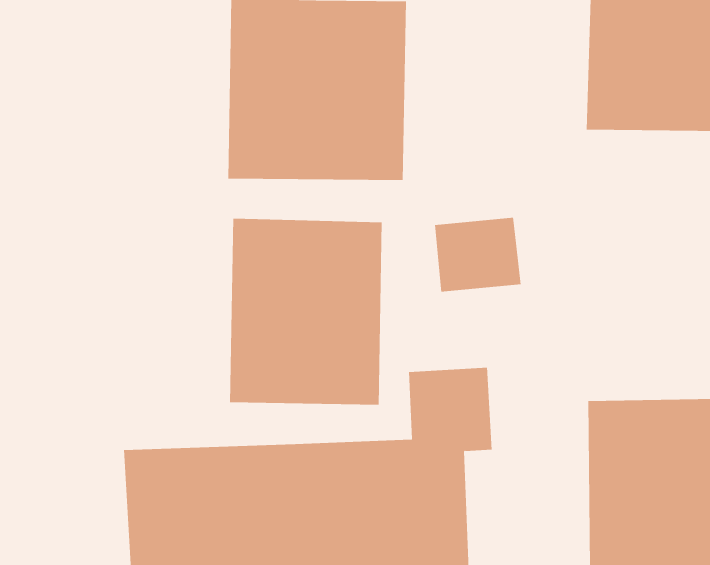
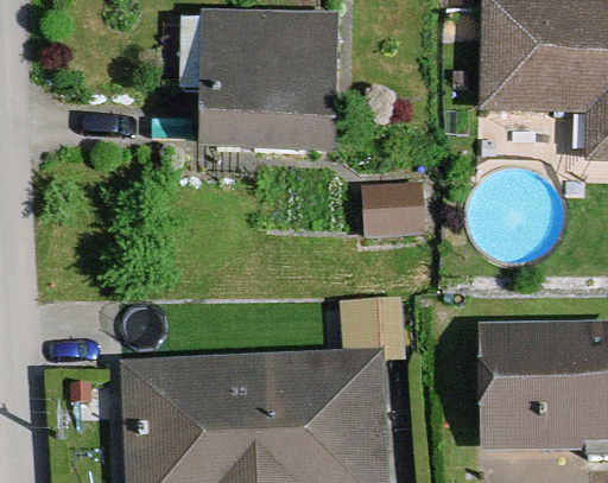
building: [230,218,382,405] -> none

